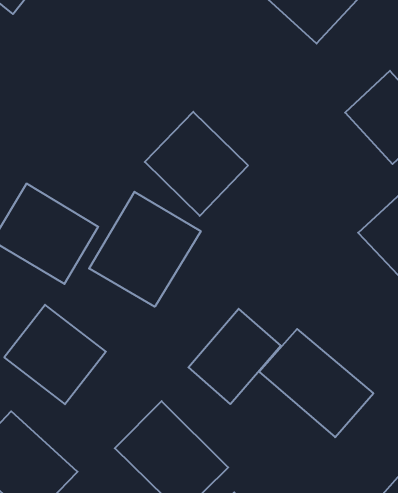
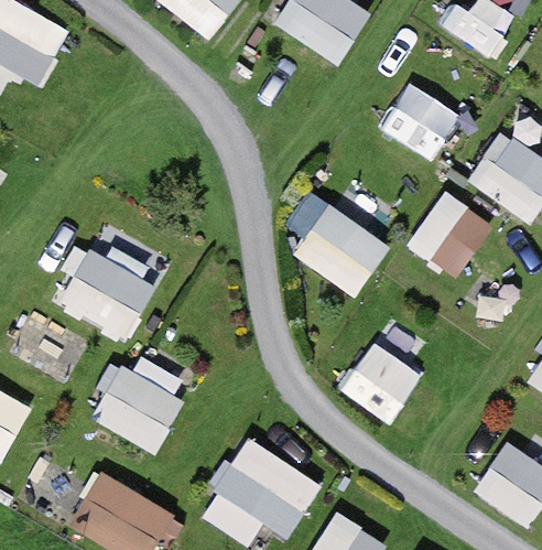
building: [145,112,248,216] -> [292,199,392,299]
building: [89,192,201,307] -> none
building: [188,309,281,404] -> none

